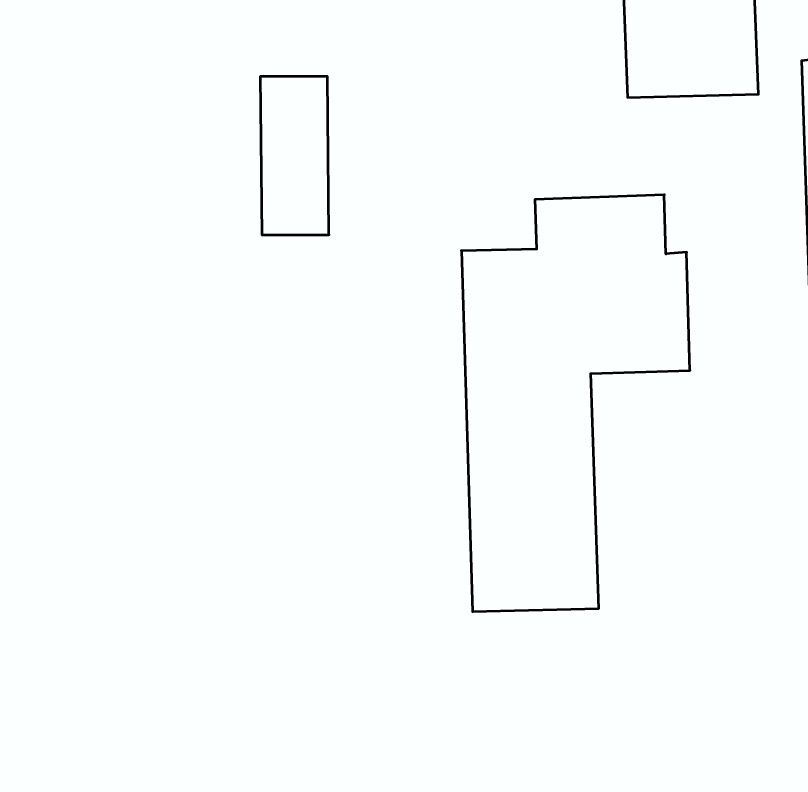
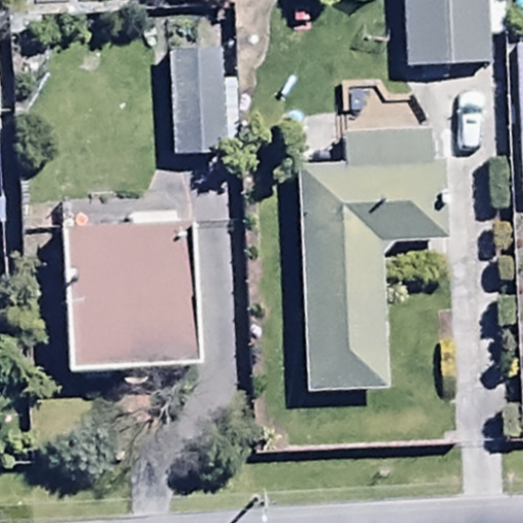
building: none -> [66,207,204,371]

